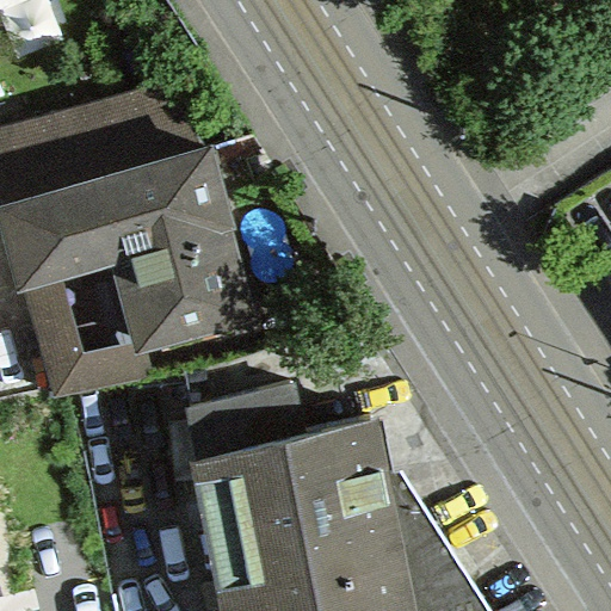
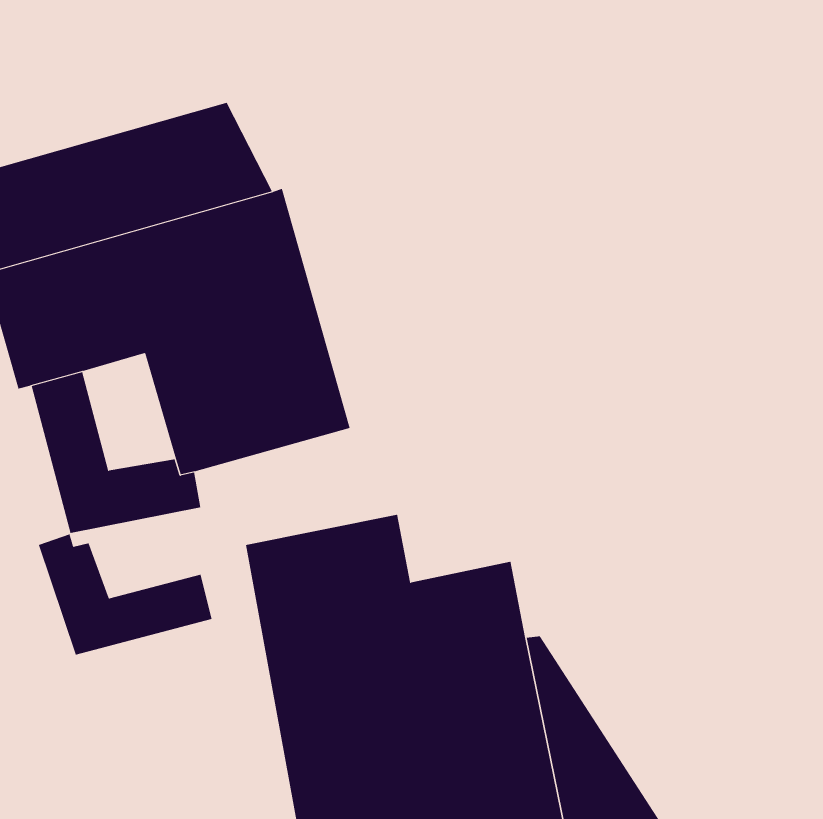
building: none -> [38,534,212,656]

